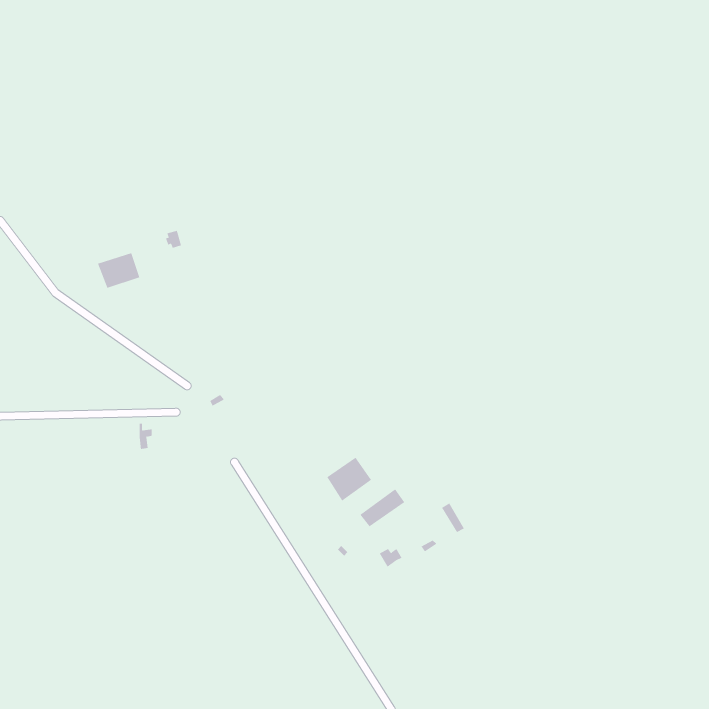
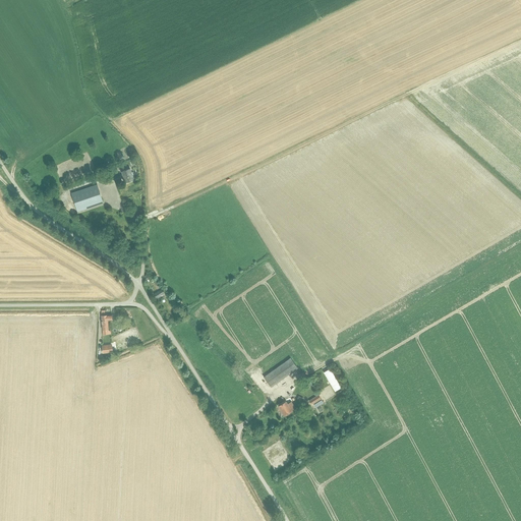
building: [327,457,372,502] -> none

